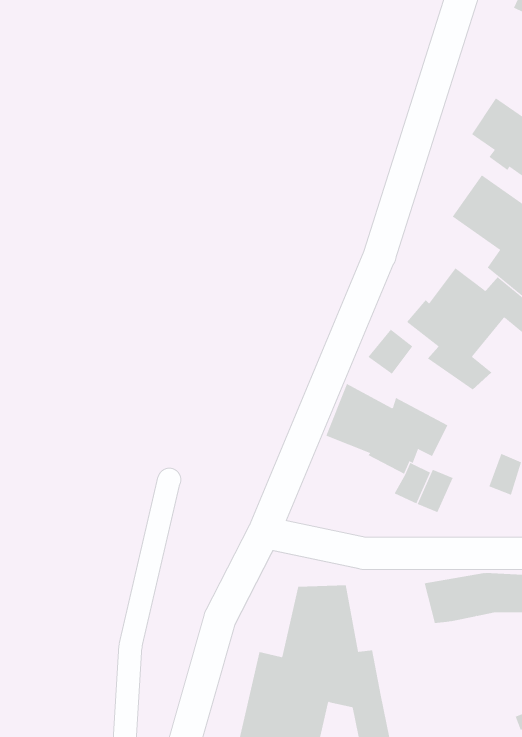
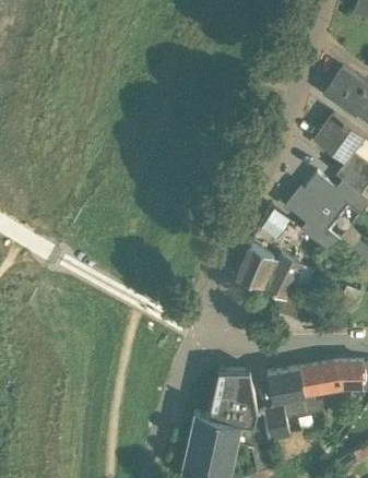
building: none -> [265,369,323,439]

